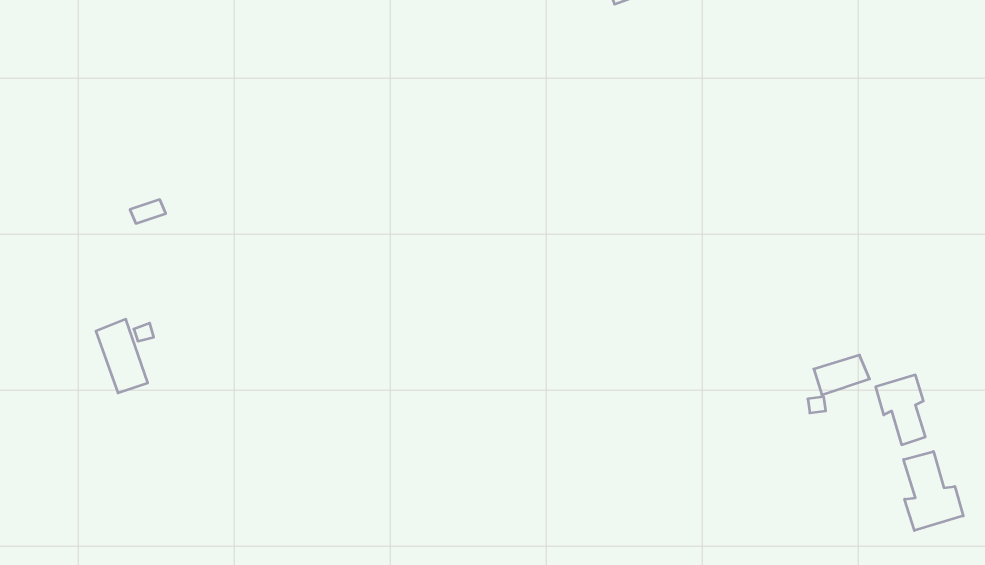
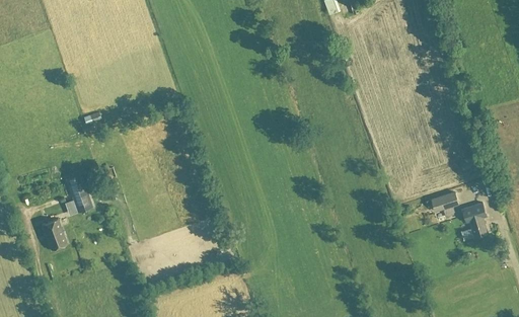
building: none -> [41,219,66,250]
building: [904,451,963,531] -> none

